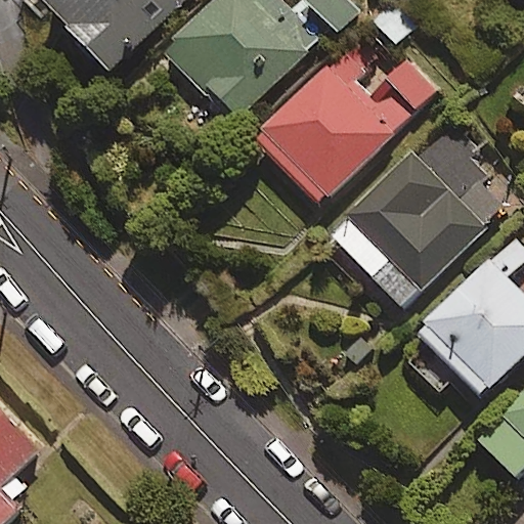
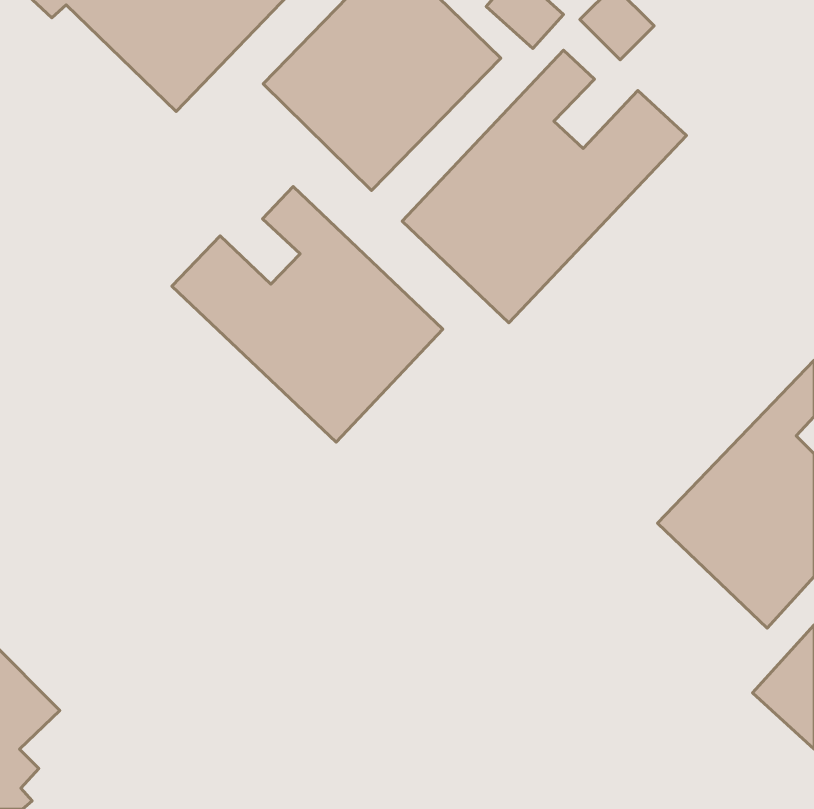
building: none -> [172,187,443,442]
building: [330,121,507,308] -> none

